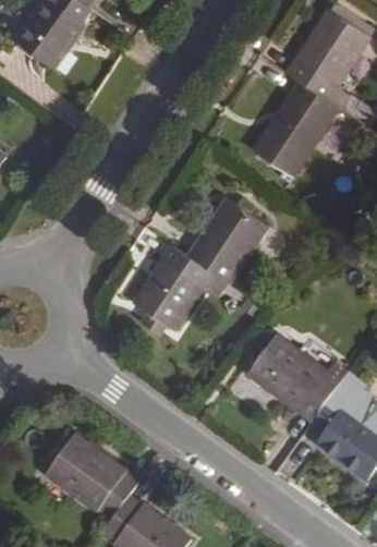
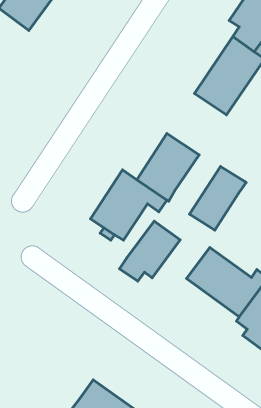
building: none -> [189,166,246,230]
building: none -> [120,221,180,281]
building: [51,438,143,521] -> none

